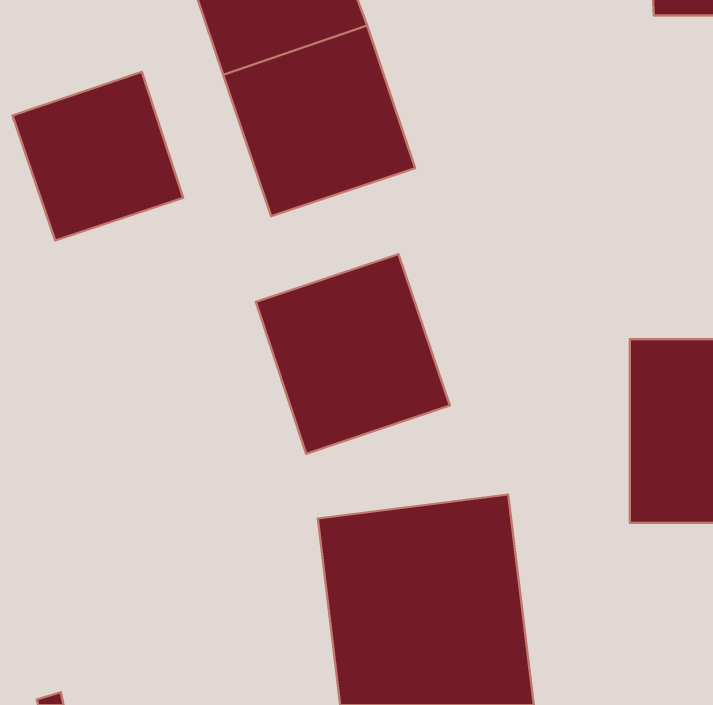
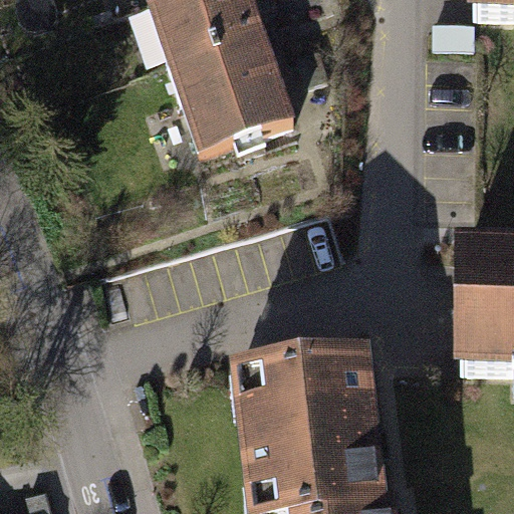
building: [13,72,183,241] -> none
building: [256,254,450,454] -> none

